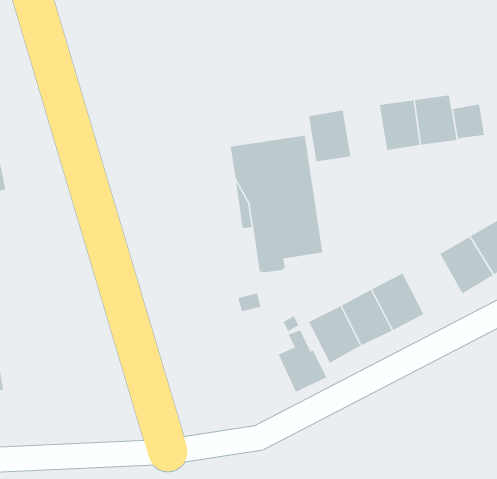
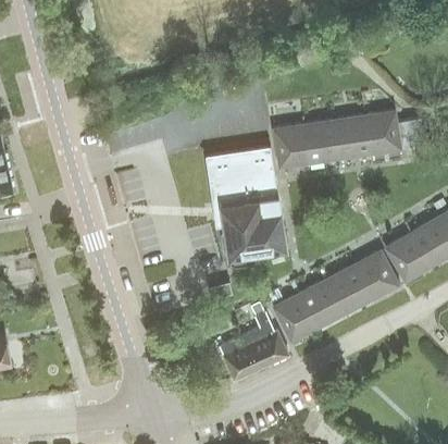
building: none -> [302,120,339,164]
building: none -> [353,250,399,300]
building: none -> [219,335,261,380]

